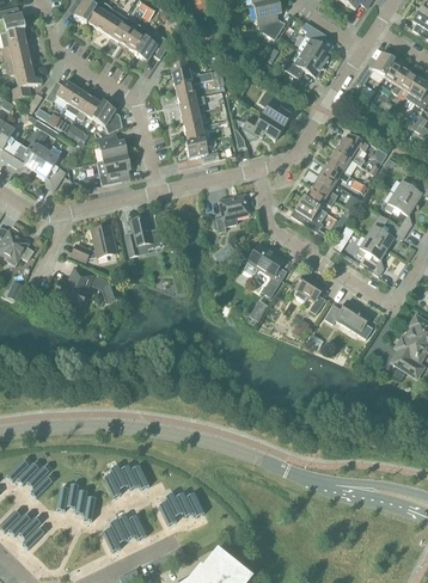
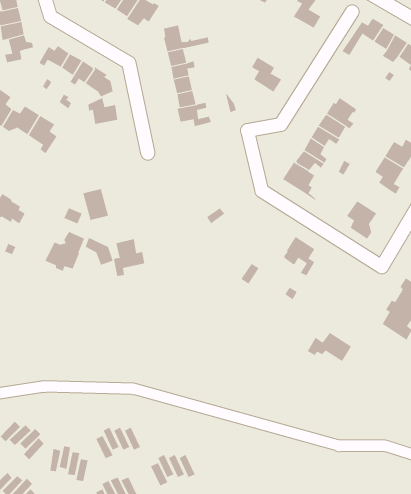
building: [285,51,324,78] -> none
building: [243,115,283,140] -> none
building: [100,155,130,185] -> none
building: [216,195,249,231] -> none
building: [127,216,159,254] -> [113,239,145,277]
building: [367,219,406,250] -> none
building: [245,244,287,296] -> none
building: [325,300,371,330] -> [307,332,352,362]

